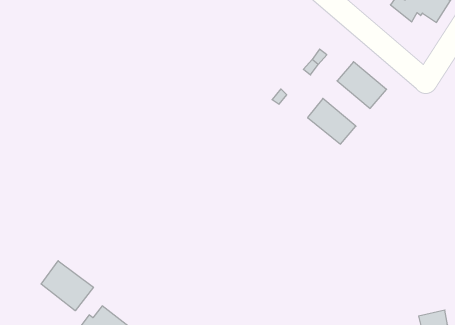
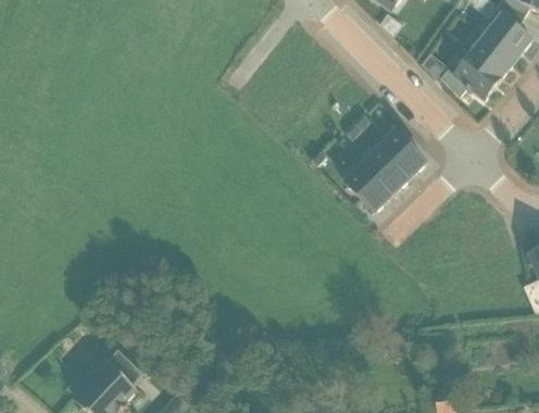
building: none -> [361,148,408,196]
building: [41,261,93,311] -> none

